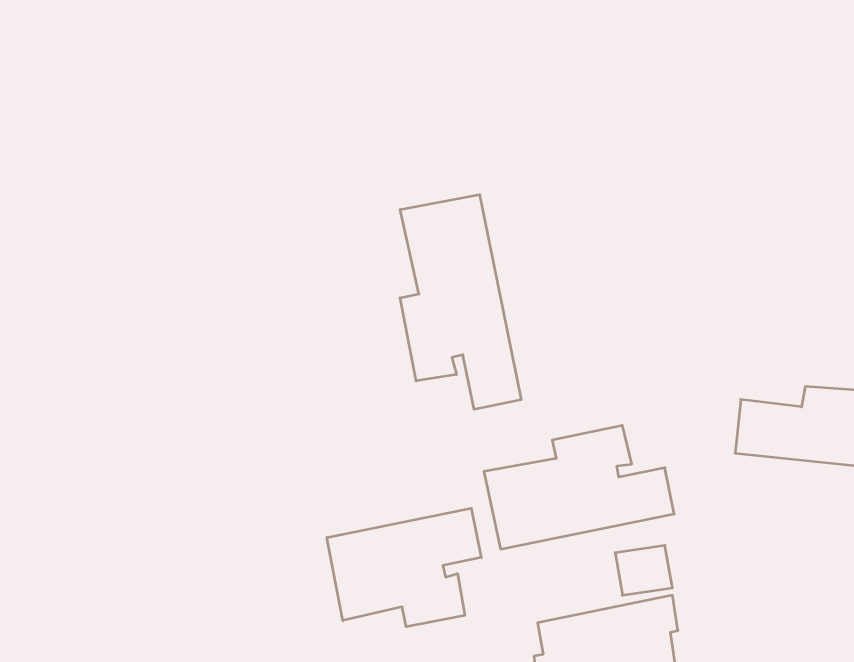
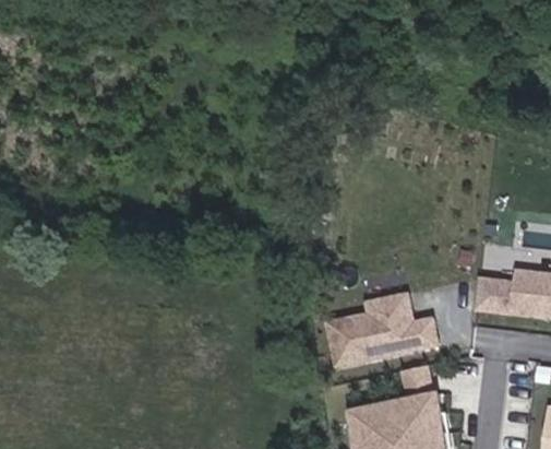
building: [400,195,521,409] -> none
building: [327,508,481,627] -> none

